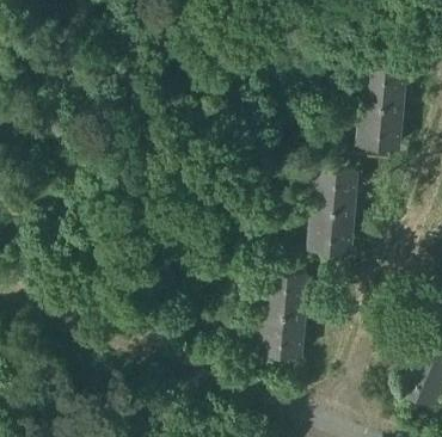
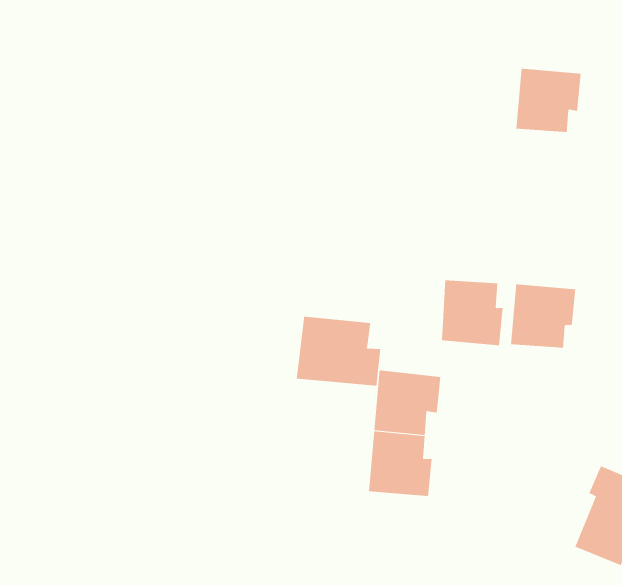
building: [358,109,403,153] -> none
building: [313,171,358,215] -> [510,284,576,348]
building: none -> [296,316,381,387]

